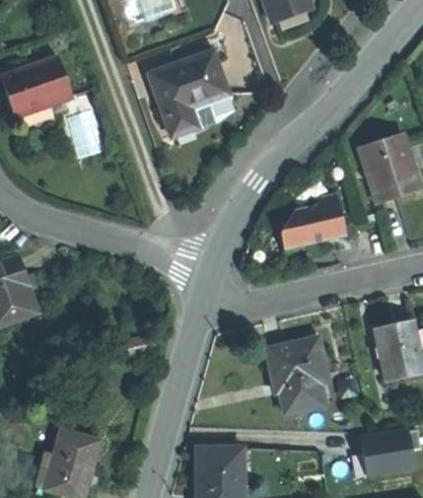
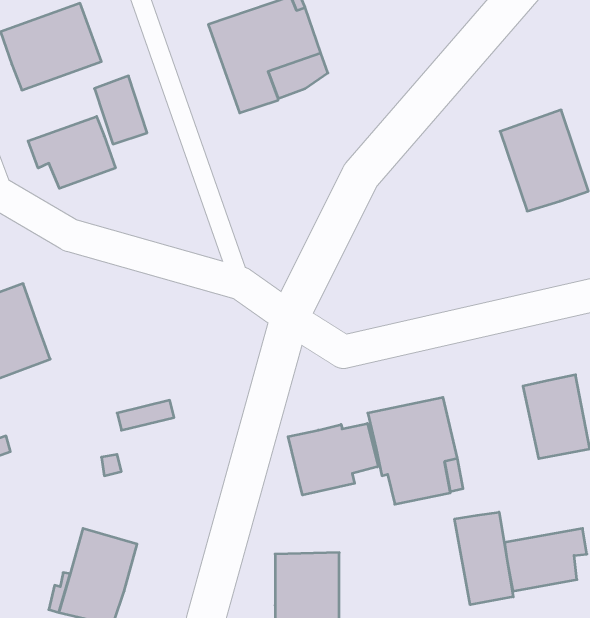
building: none -> [28,116,115,188]
building: [278,194,342,250] -> none
building: none -> [288,423,378,495]
building: none -> [455,512,513,605]

